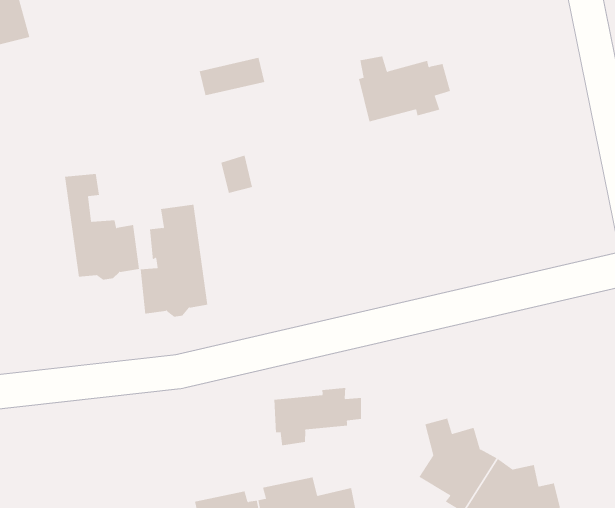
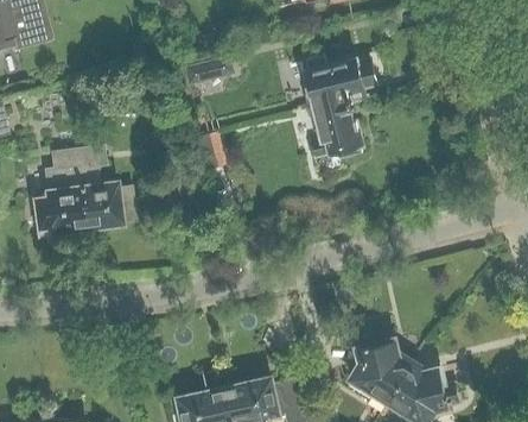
building: none -> [310,96,361,160]
building: [140,204,208,317] -> [36,147,88,234]
building: [274,387,362,446] -> none

